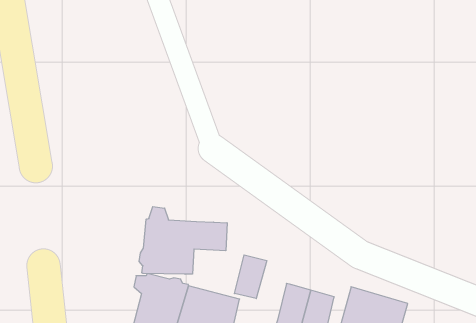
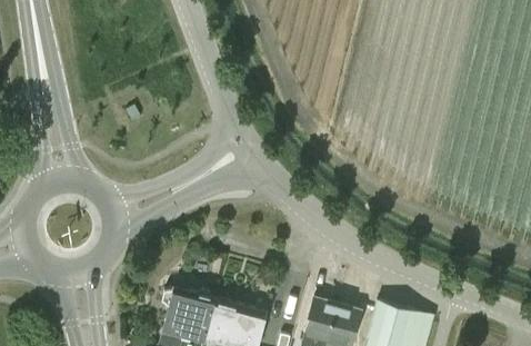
building: [139,207,227,274] -> none
building: [234,255,267,299] -> none

